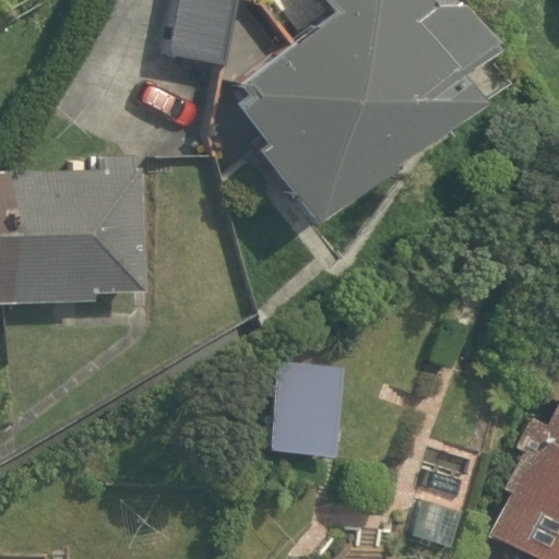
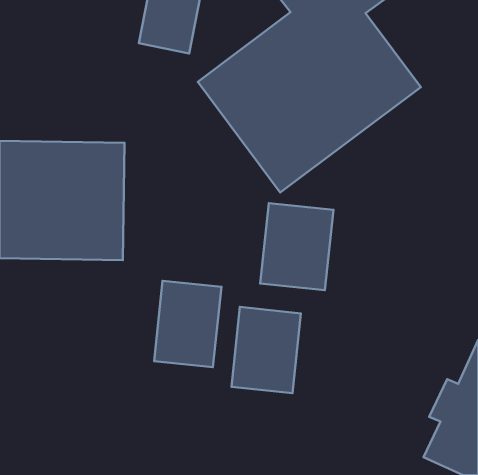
building: none -> [260,203,333,290]
building: none -> [154,281,221,367]

